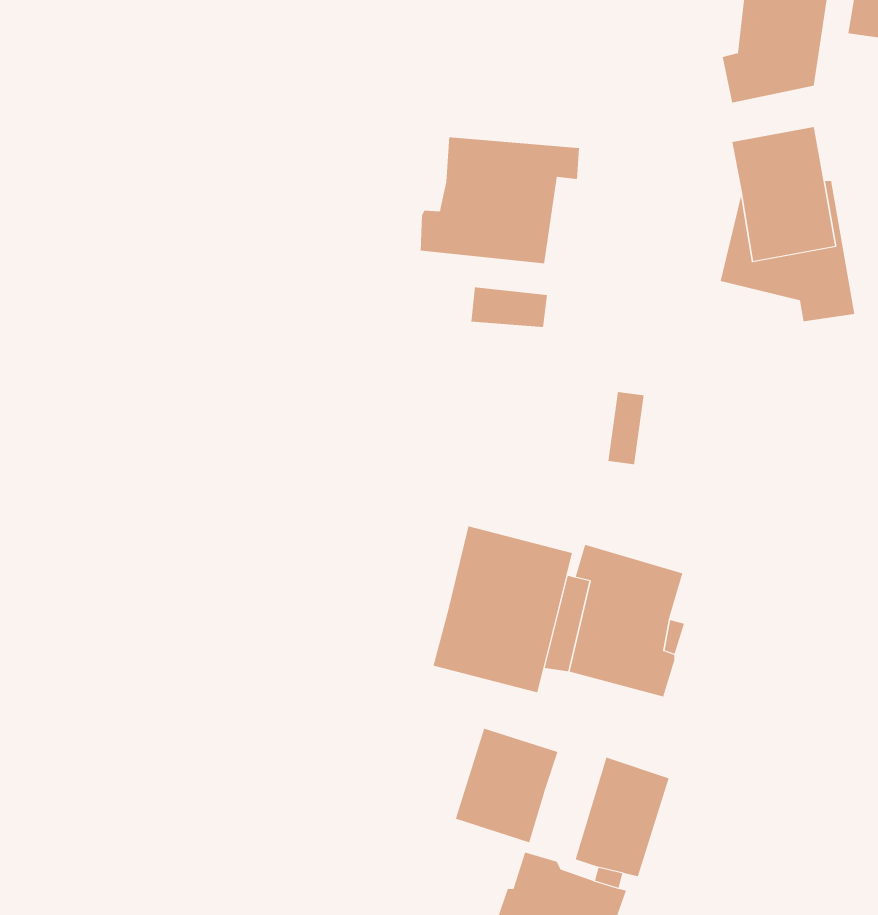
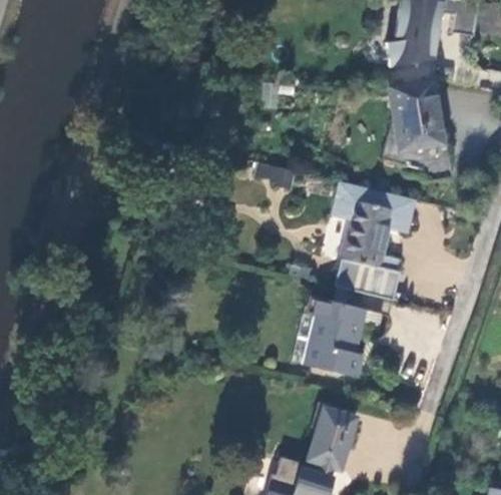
building: [420,136,580,264] -> none
building: none -> [334,179,414,300]
building: [433,525,573,693] -> none
building: [455,728,558,843] -> none

